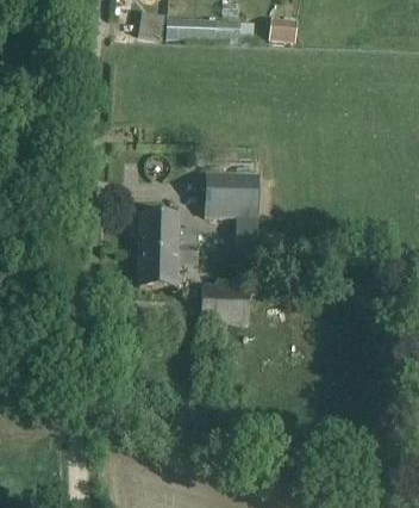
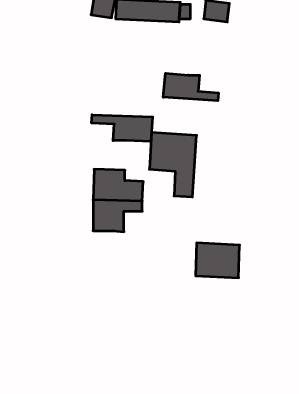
building: none -> [163,73,218,101]
building: none -> [92,115,153,142]
building: [199,283,250,323] -> [196,243,240,278]

